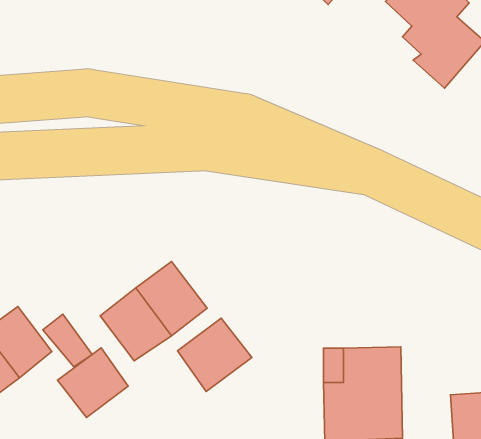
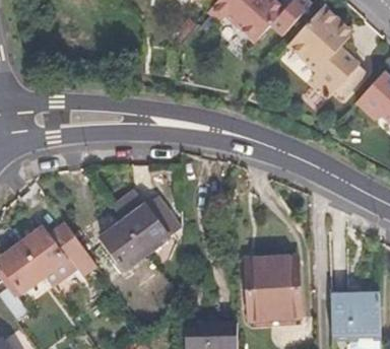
building: [177,318,252,391] -> none
building: [57,348,128,418] -> none

